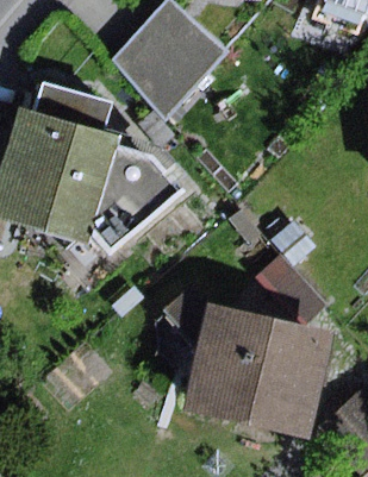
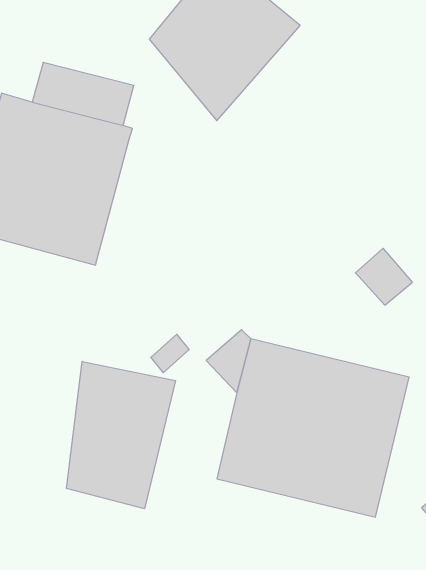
building: [79,142,168,251] -> none
building: none -> [66,361,176,509]

